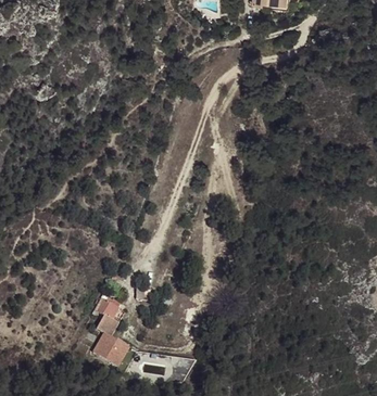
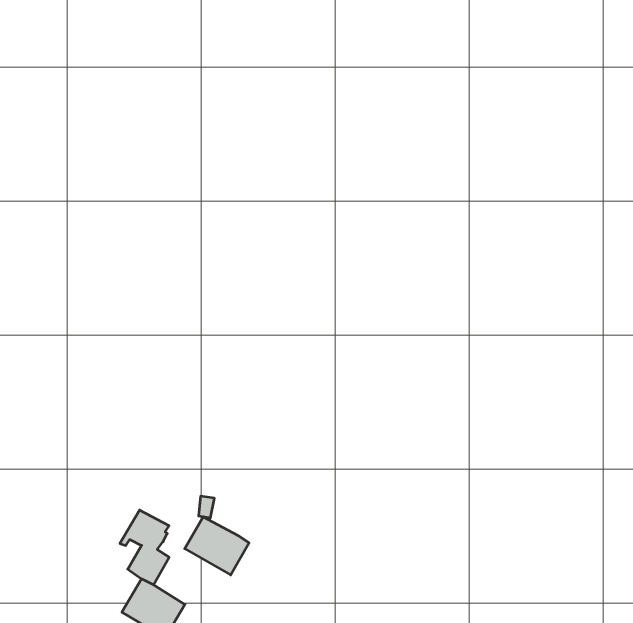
building: none -> [185,517,249,575]

